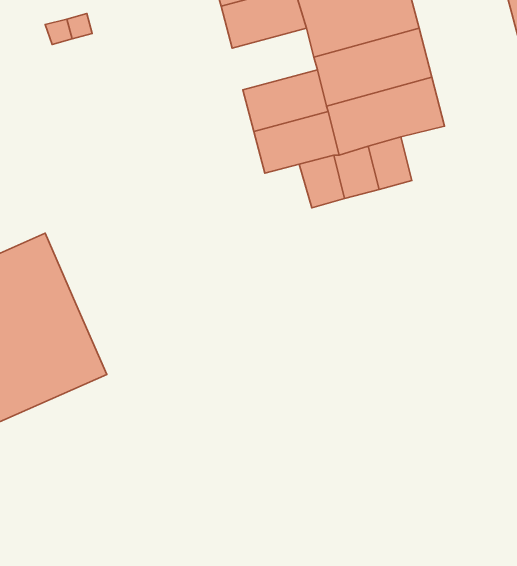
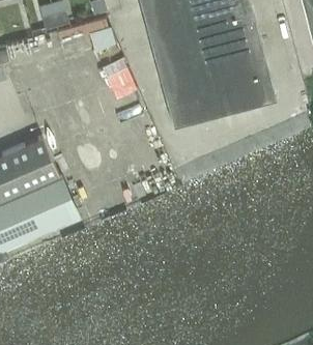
building: none -> [147,19,196,54]
building: none -> [244,75,276,106]
building: none -> [166,96,193,126]

